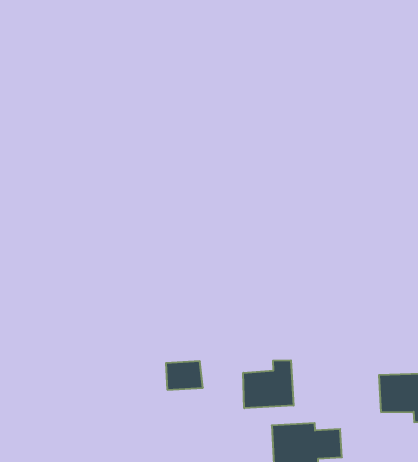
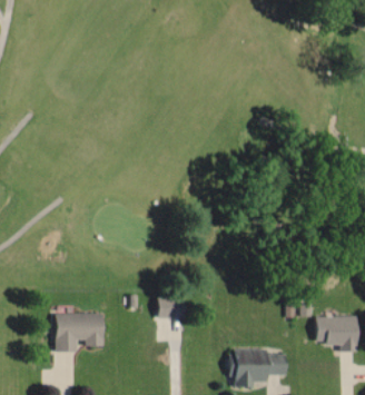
building: [243,360,294,408] -> none
building: none -> [55,313,101,352]

